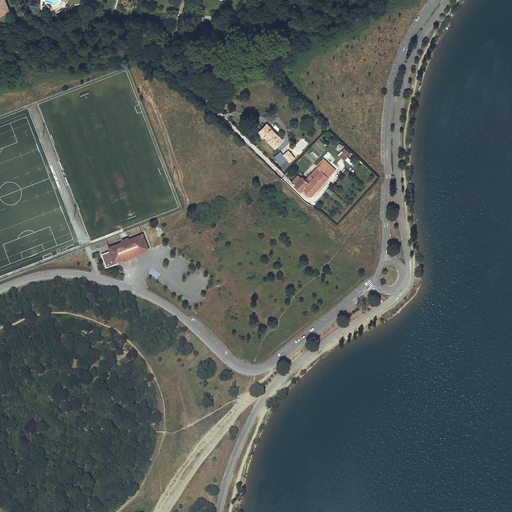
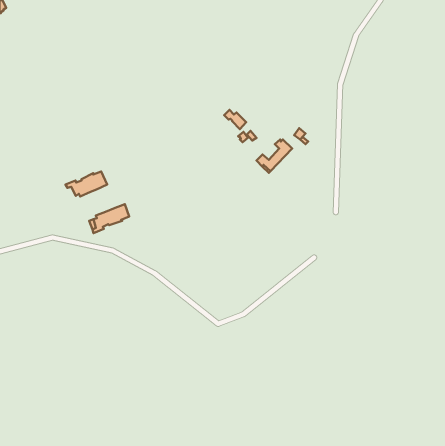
building: none -> [66,172,107,197]

